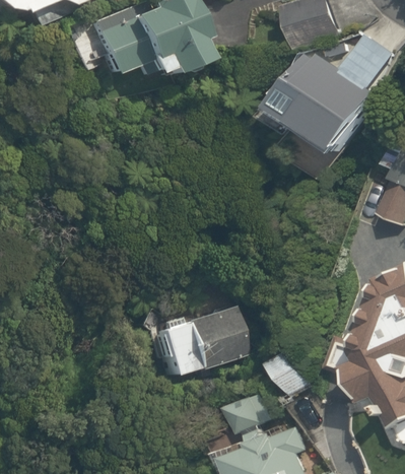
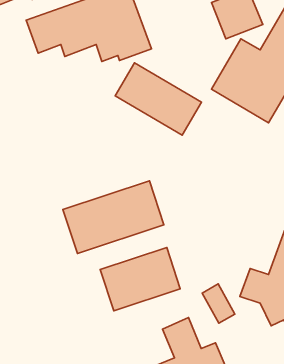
building: none -> [115,63,201,135]
building: none -> [63,181,164,253]

